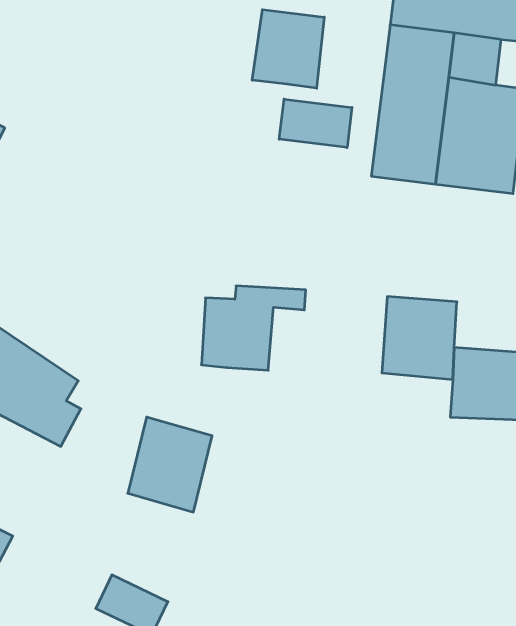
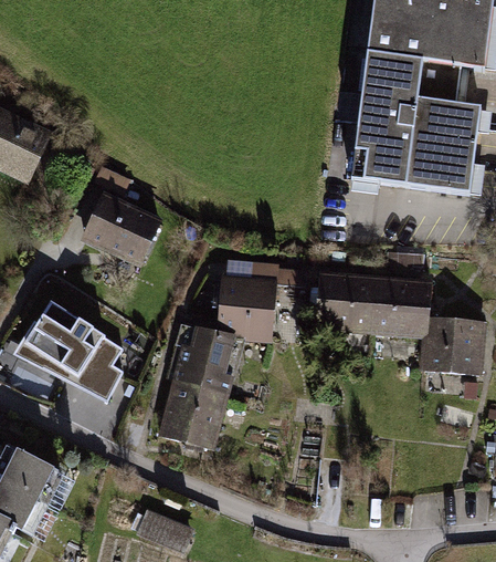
building: [252,10,324,88] -> none
building: [279,99,352,148] -> none
building: none -> [76,187,163,270]
building: none -> [308,270,371,337]
building: none -> [172,324,239,389]

